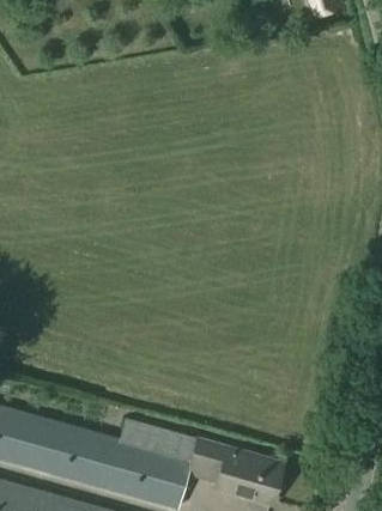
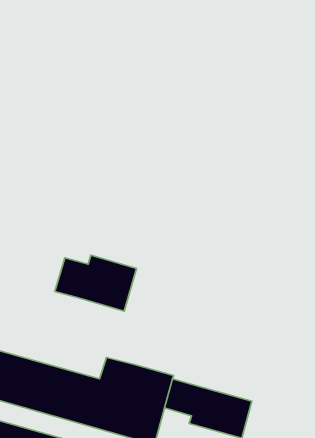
building: none -> [55,255,137,311]

